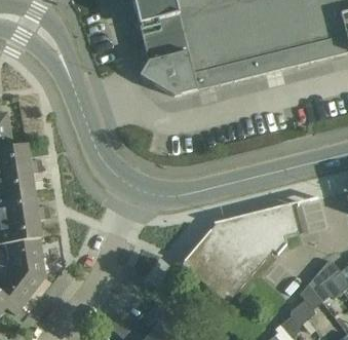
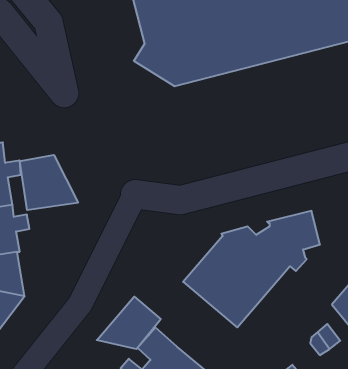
building: none -> [20,155,78,210]
building: none -> [97,297,161,349]

